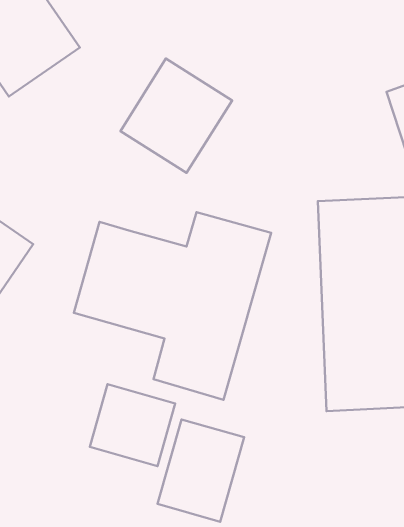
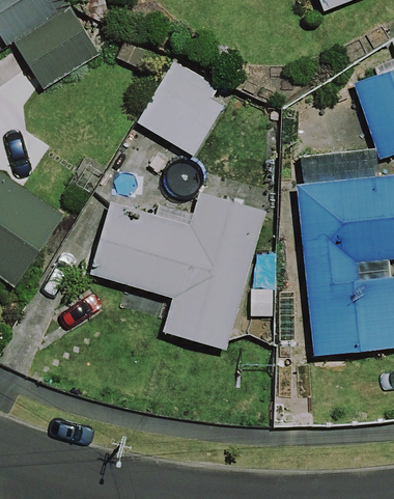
building: [90,384,175,466] -> none
building: [157,419,244,522] -> none

